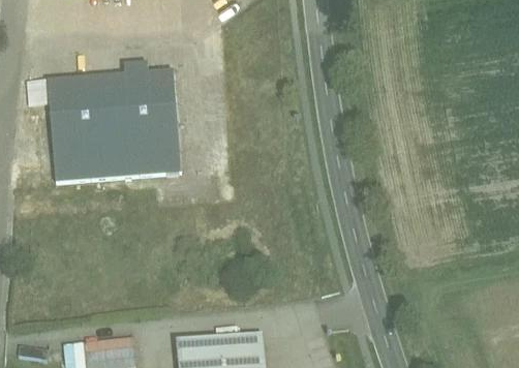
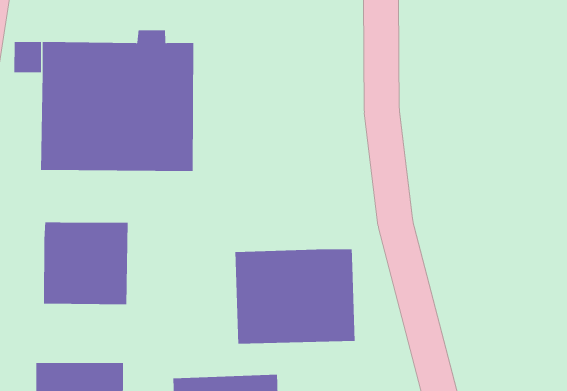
building: none -> [43,221,128,305]
building: none -> [235,248,355,344]

